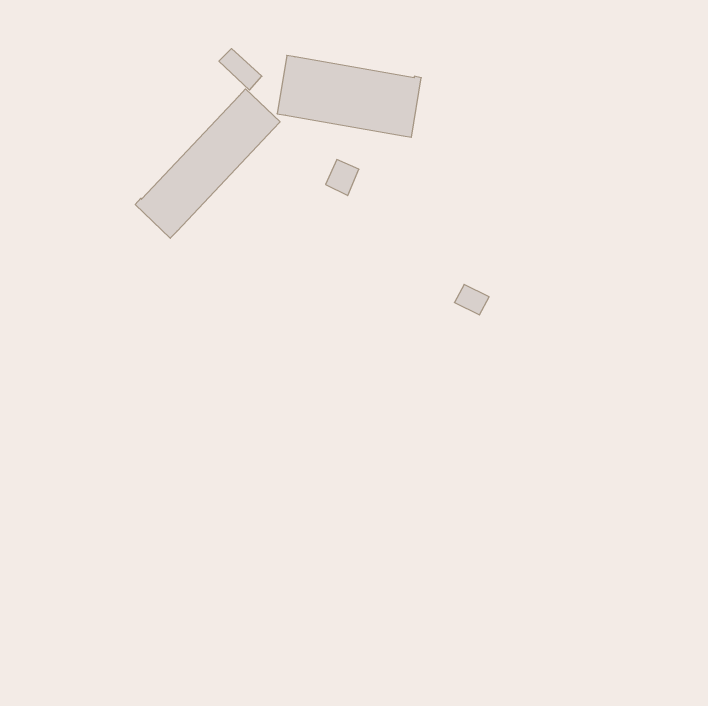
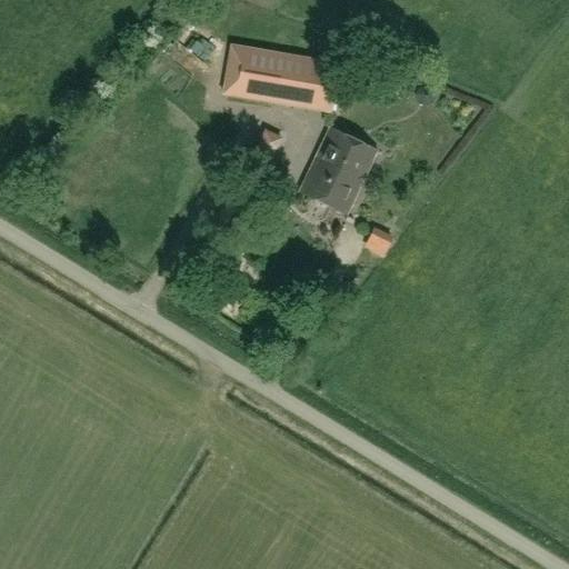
building: [135,89,280,238] -> none
building: none -> [298,126,377,213]

